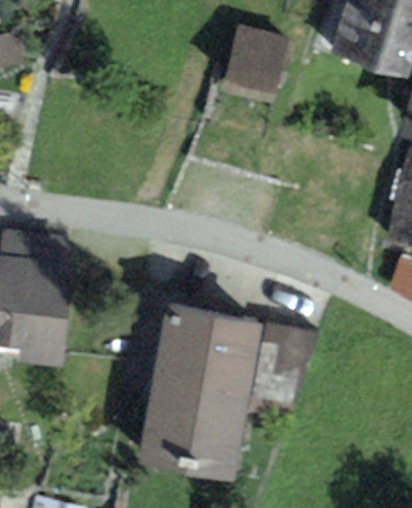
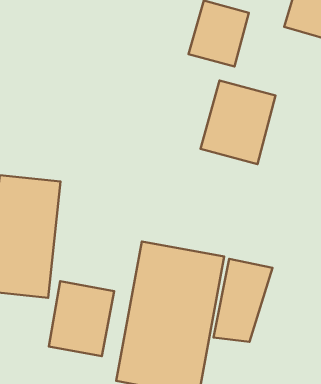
building: none -> [201,81,275,164]
building: none -> [49,281,114,356]

